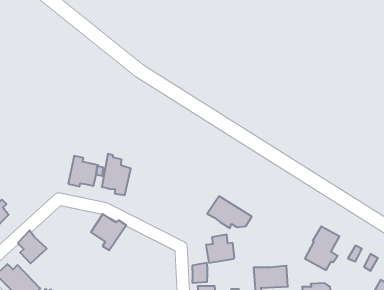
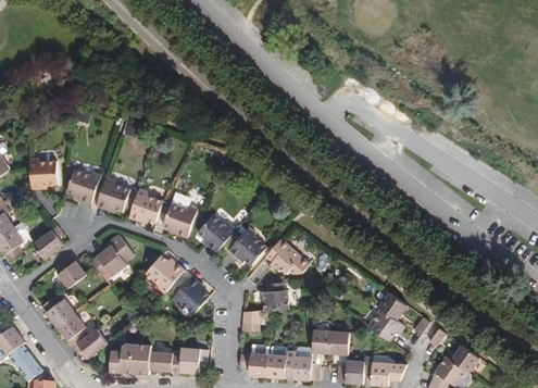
building: none -> [61,167,96,201]
building: none -> [91,177,128,208]
building: none -> [197,212,265,262]
building: none -> [98,243,140,281]
building: none -> [168,273,207,312]

